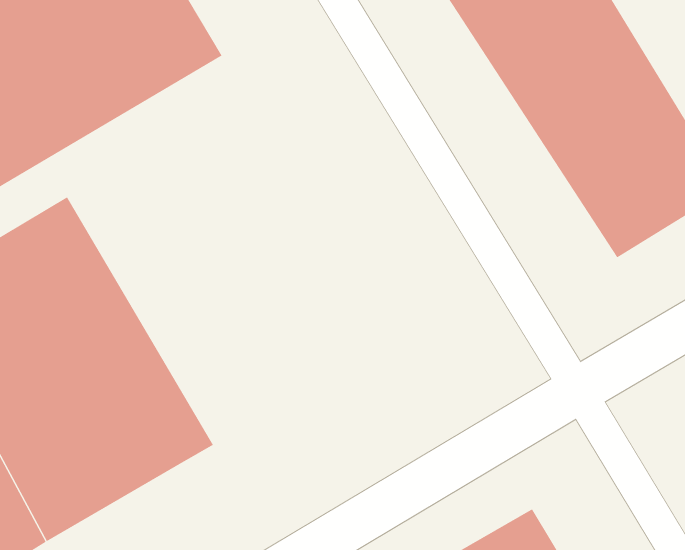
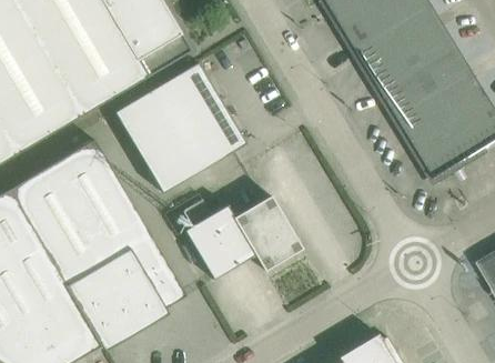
building: none -> [113,62,245,193]
building: none -> [183,195,302,280]

